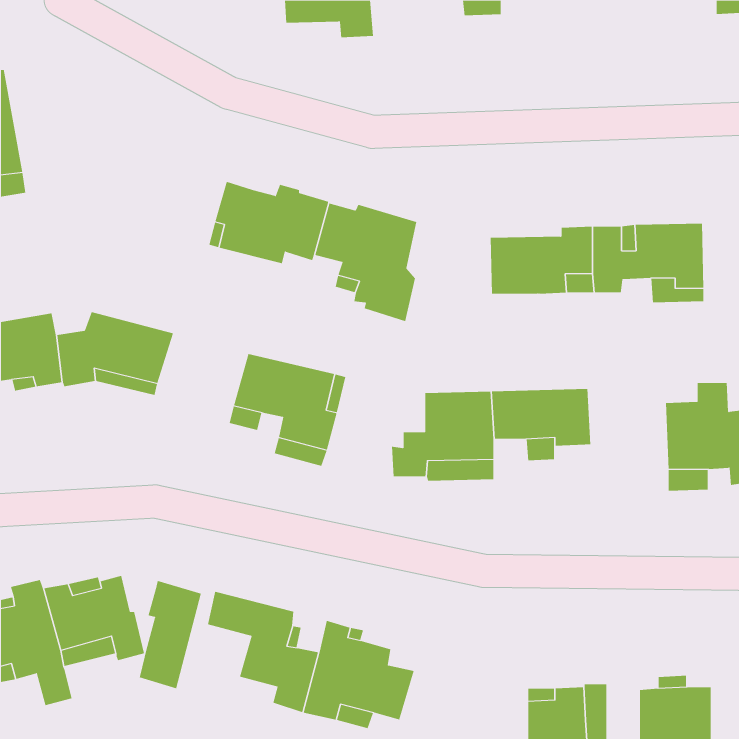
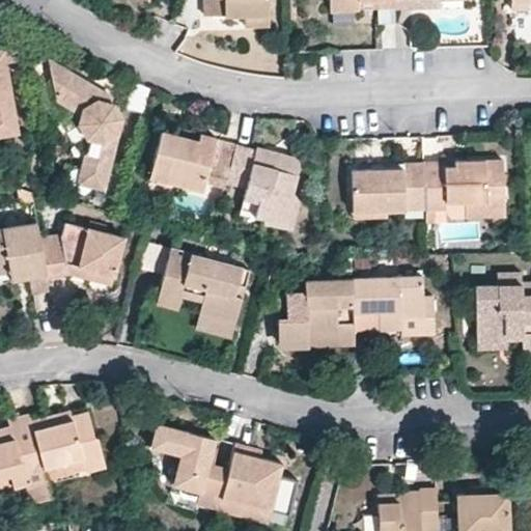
building: none -> [54,67,121,186]
building: [139,580,201,689] -> none

